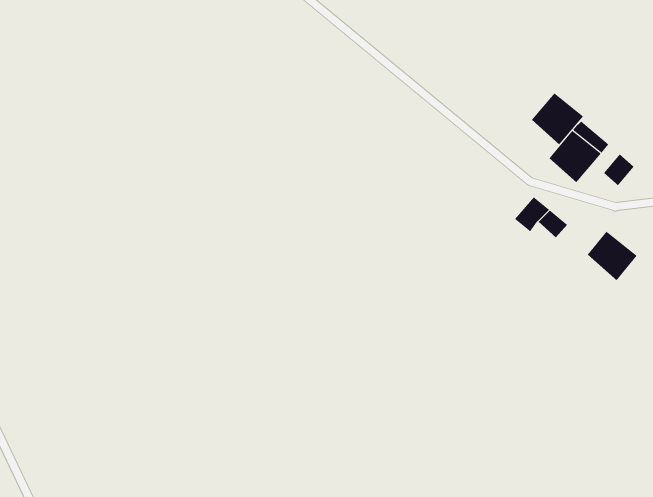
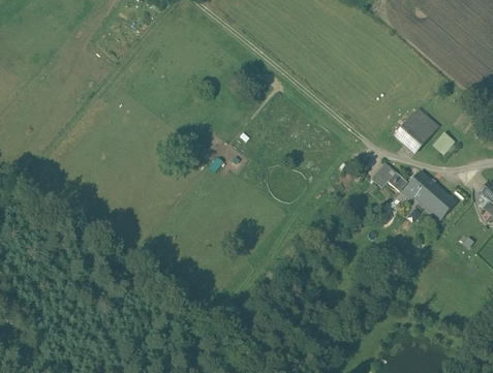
building: [531,93,584,145] -> none
building: none -> [403,173,434,201]

